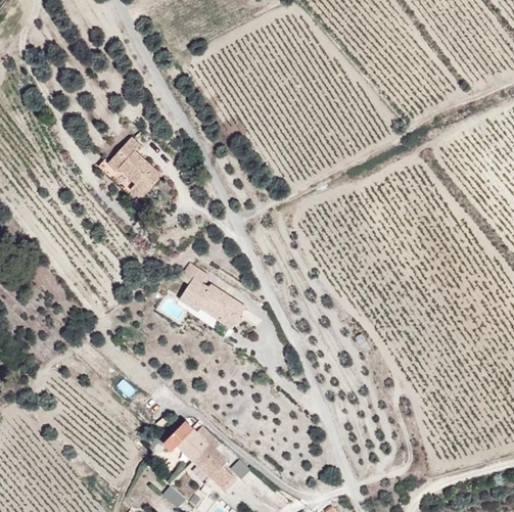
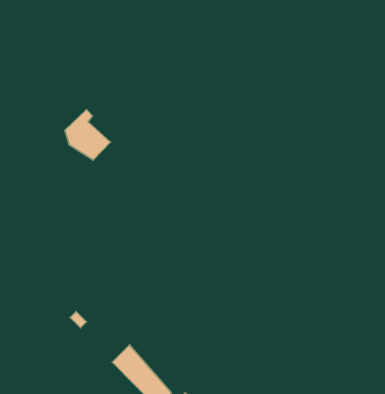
building: [179,270,251,333] -> none

